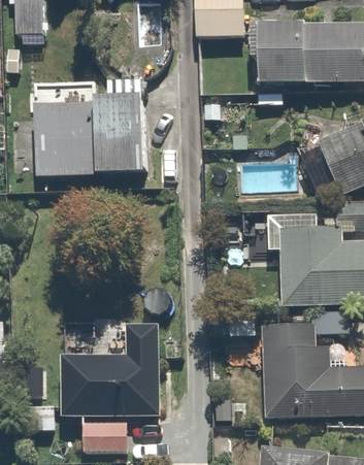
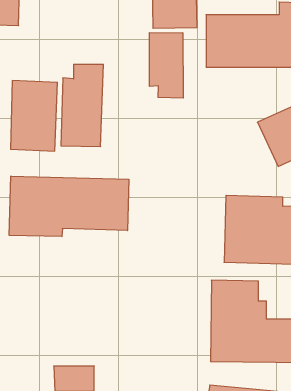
building: none -> [149,33,183,98]
building: none -> [9,176,129,237]
building: [58,325,161,418] -> none

